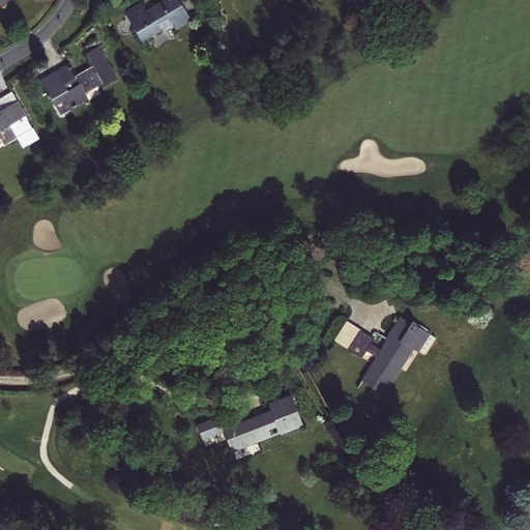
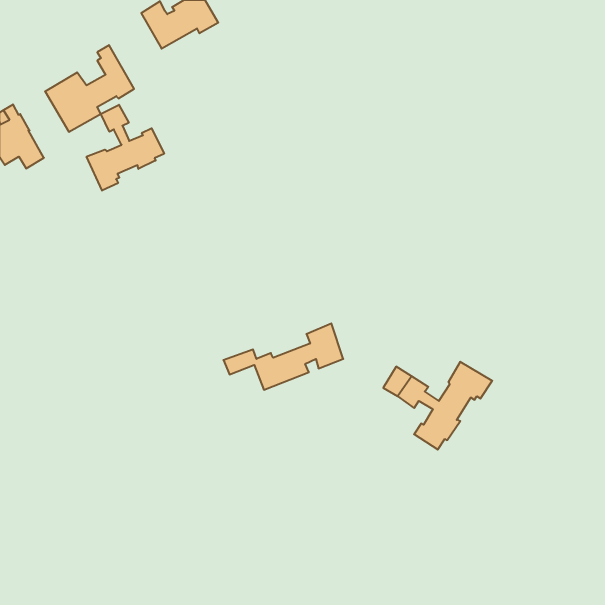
building: none -> [87,105,164,191]
building: [196,394,300,452] -> [223,323,343,390]

